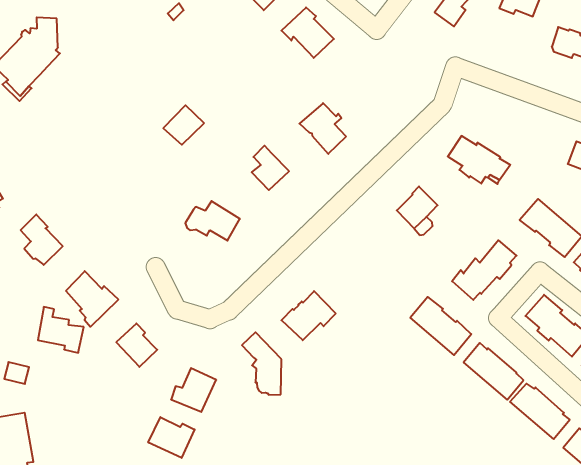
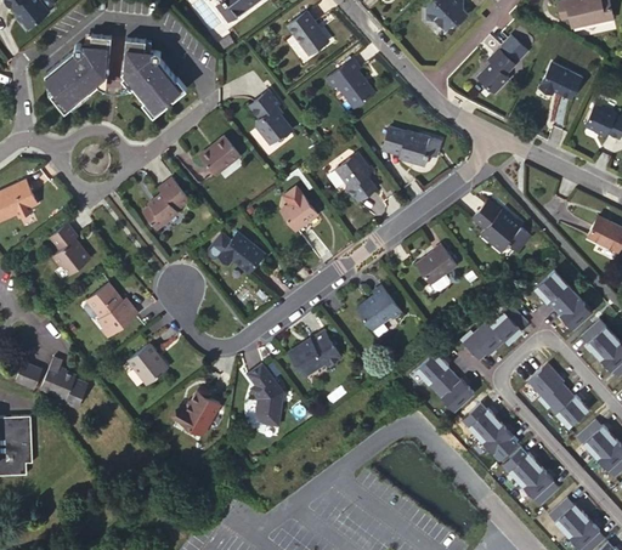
building: none -> [120,38,187,113]
building: none -> [249,91,293,144]
building: none -> [379,126,439,164]
building: none -> [142,180,190,232]
building: none -> [356,287,401,330]
building: [38,307,84,353] -> [41,357,87,406]
building: [148,417,195,458] -> none

